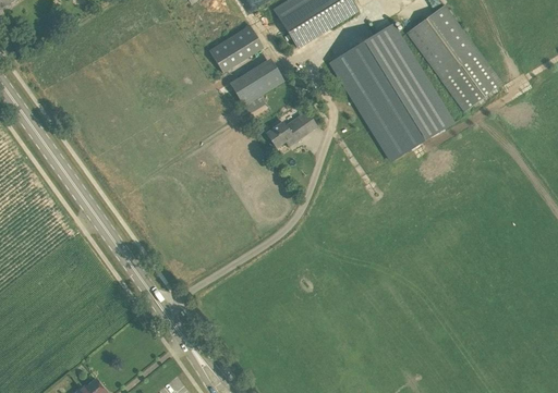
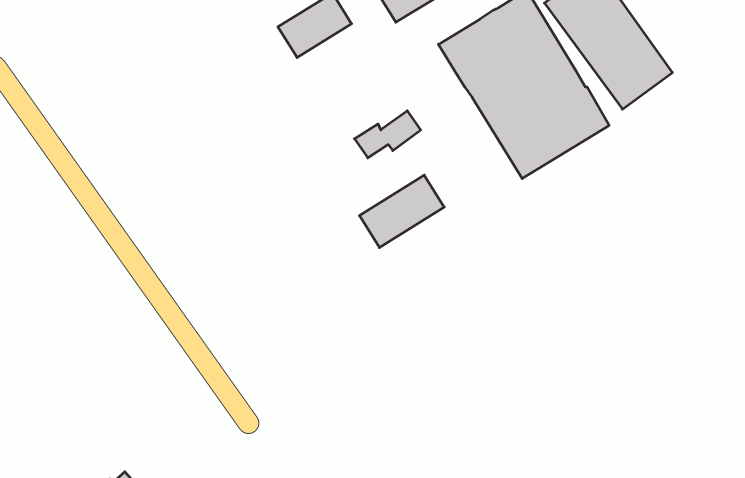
building: [229,58,284,107] -> none
building: none -> [359,175,444,248]

